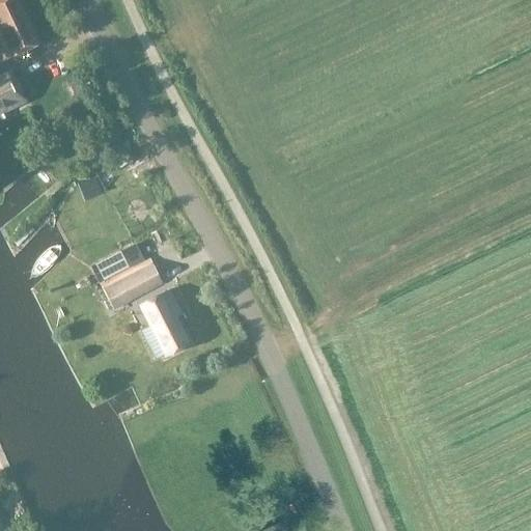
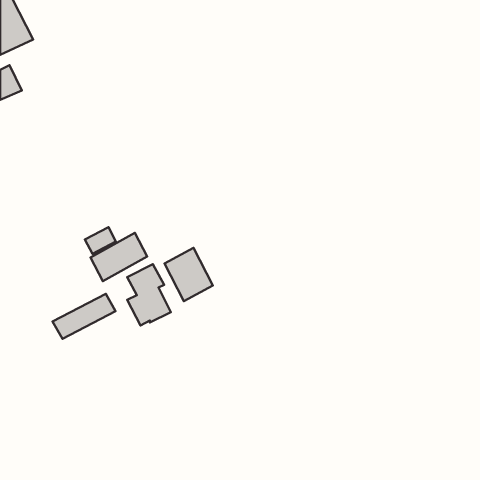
building: none -> [164,248,213,301]
building: none -> [52,294,116,339]

